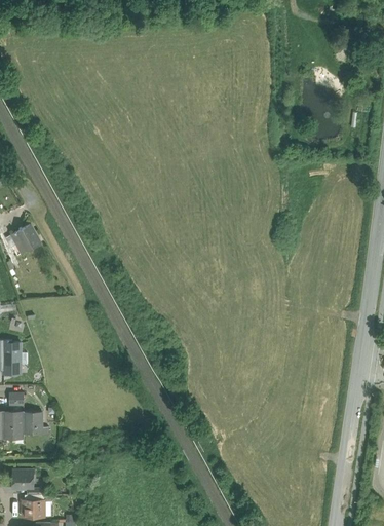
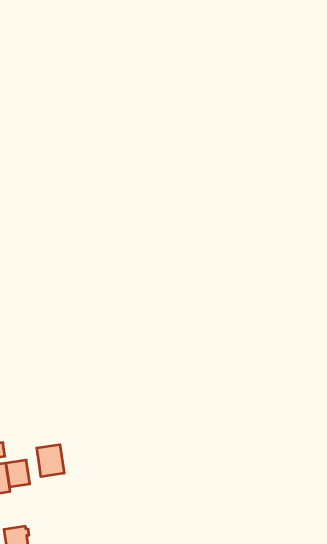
building: none -> [37,445,64,477]

